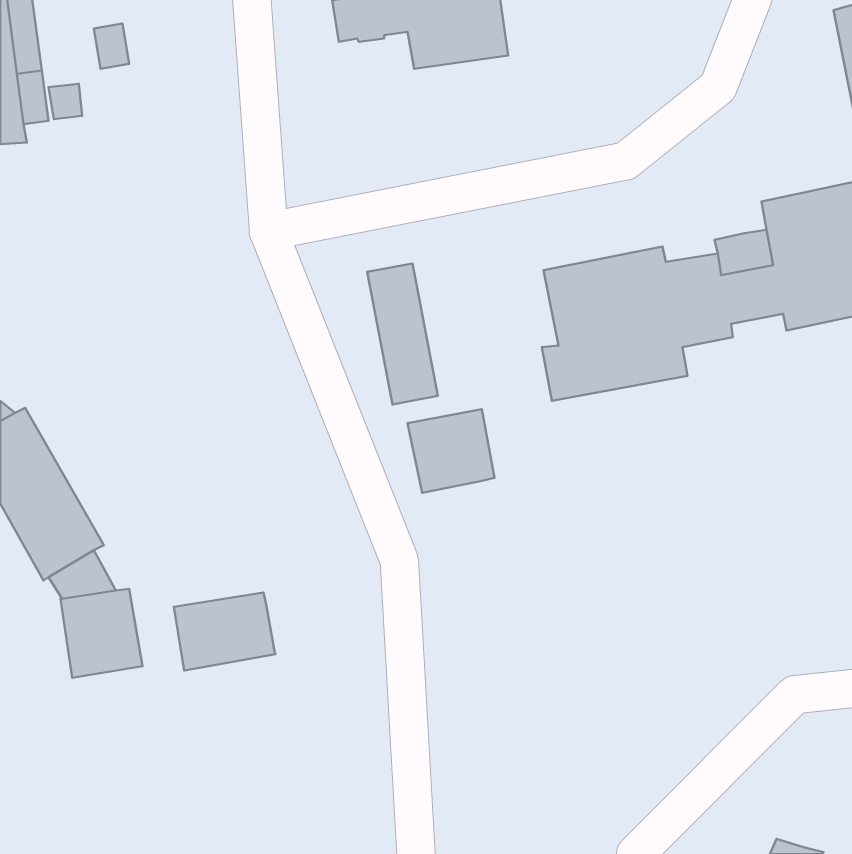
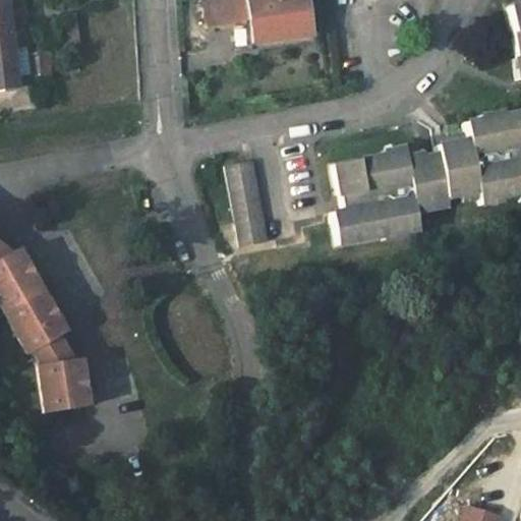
building: [407,409,494,493] -> none
building: [174,593,275,671] -> none

